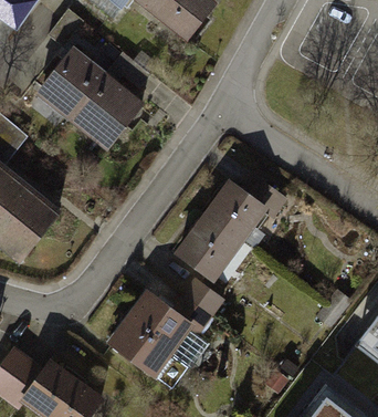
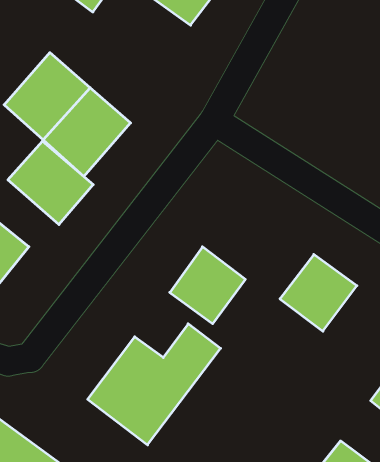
building: none -> [8,141,93,225]
building: [207,177,272,242] -> [280,254,357,331]

